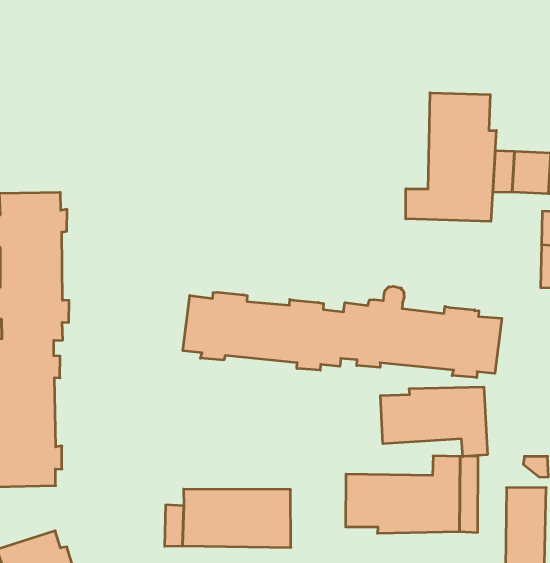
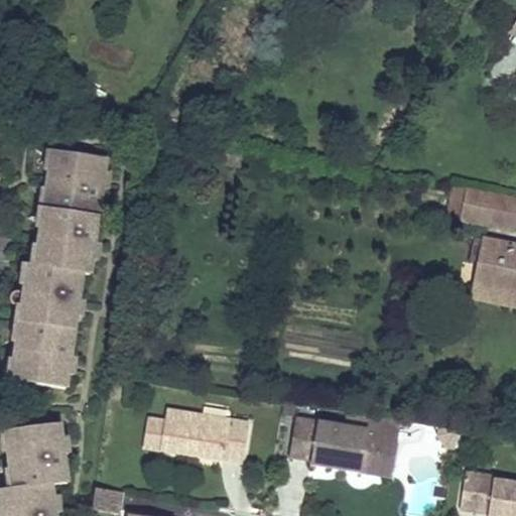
building: [406,93,496,221] -> none
building: [183,286,502,378] -> none
building: [380,387,487,457] -> none

